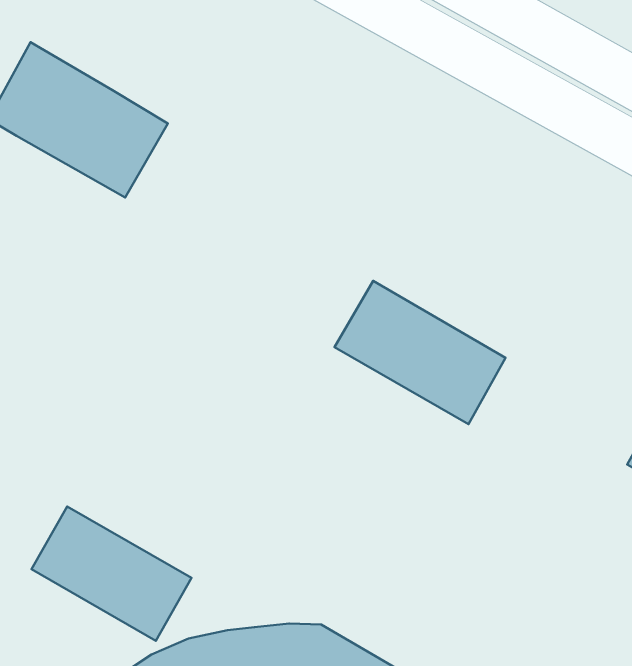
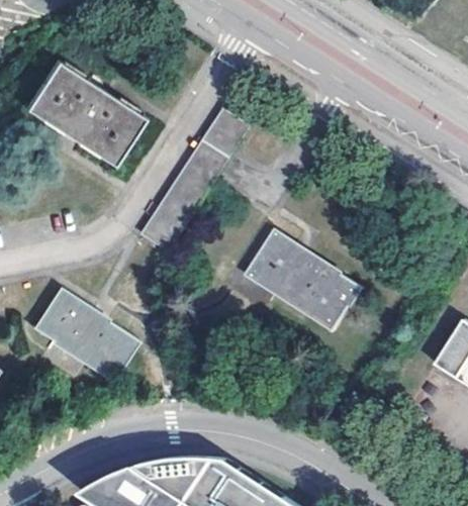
building: none -> [141,110,250,252]
building: [32,506,192,641] -> [34,290,141,383]

